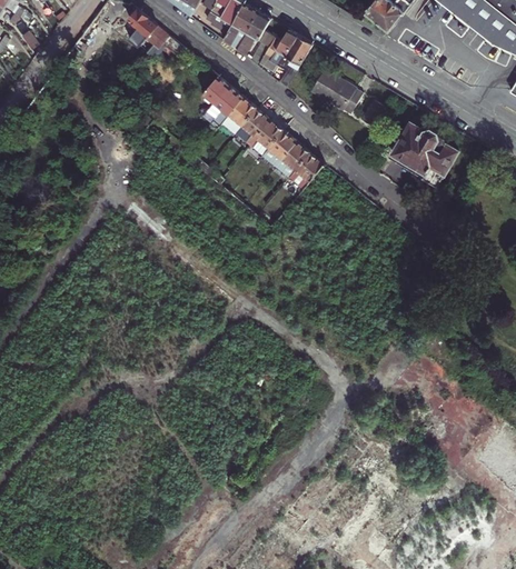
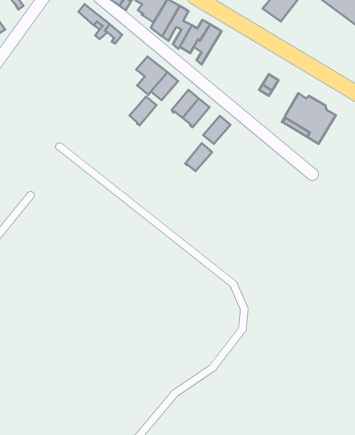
building: [310,69,361,112] -> none
building: [235,107,269,143] -> [129,96,156,125]
building: [275,140,309,176] -> [185,143,212,171]

